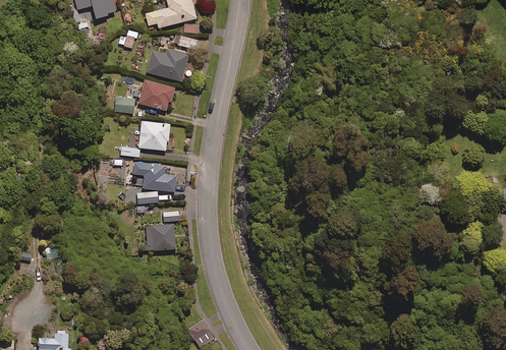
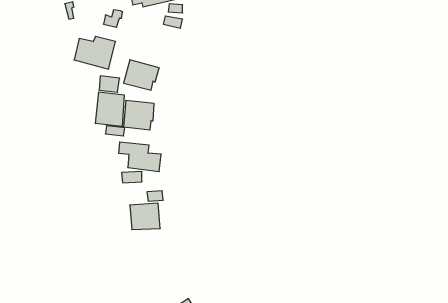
building: [147,49,188,81] -> [74,36,116,69]
building: none -> [95,92,124,127]

